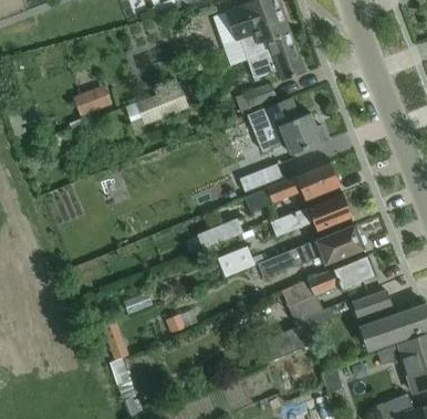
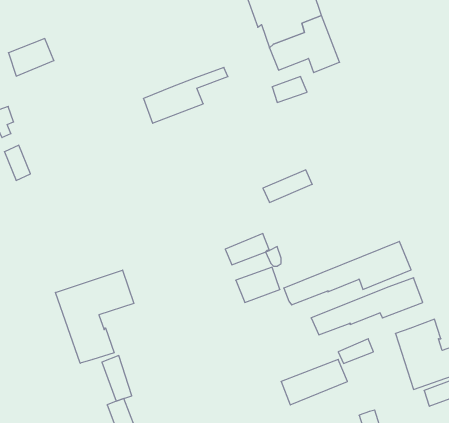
building: [72,85,111,117] -> [8,39,54,76]
building: [247,97,325,155] -> none
building: [242,163,340,210] -> none
building: [270,193,352,235] -> none
building: none -> [55,270,134,363]

